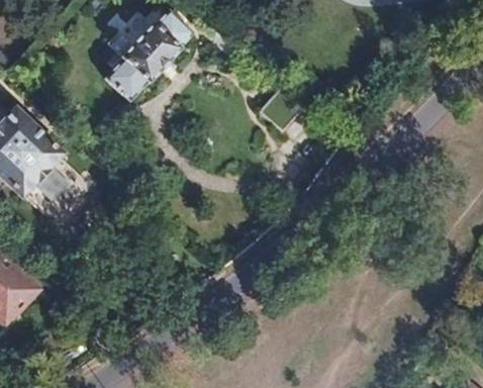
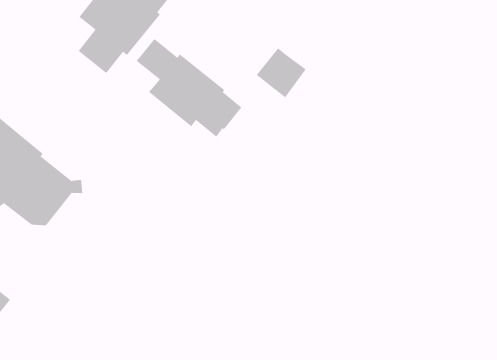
building: none -> [136,38,242,137]

